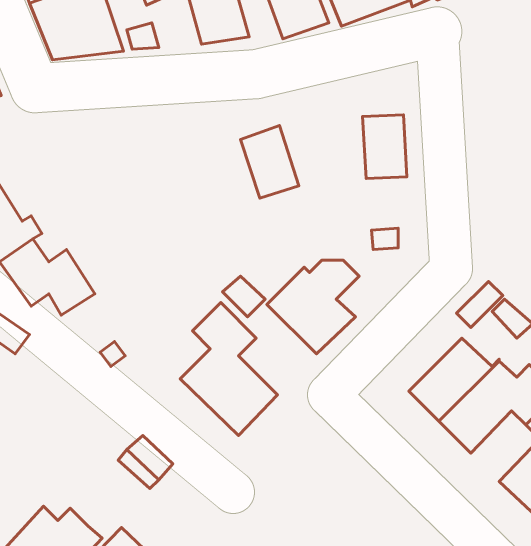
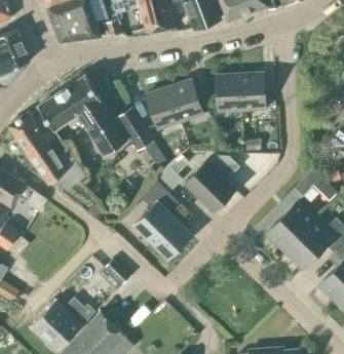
building: none -> [216,74,242,111]
building: none -> [38,75,154,156]
building: none -> [147,87,181,128]

